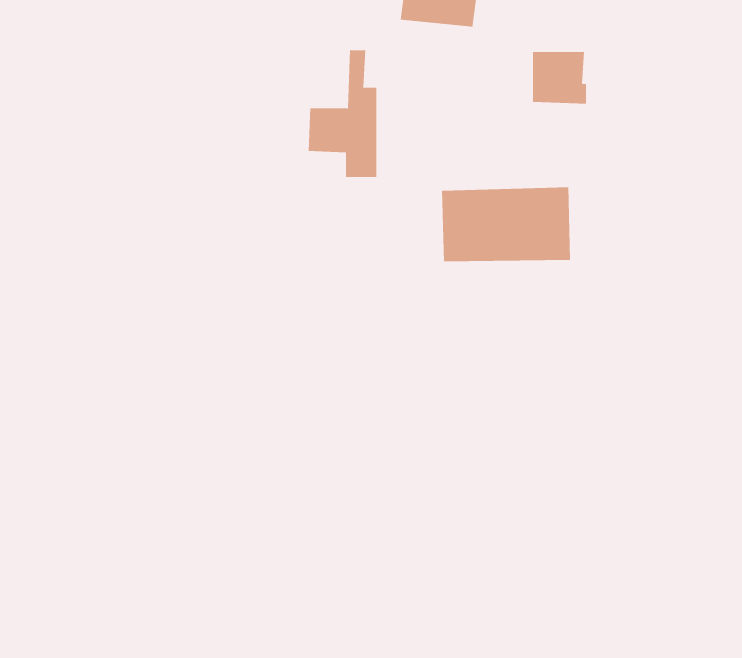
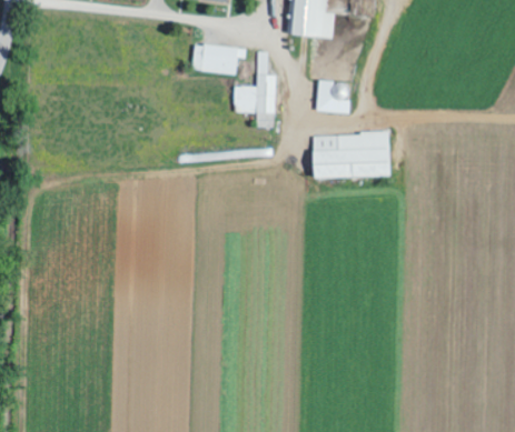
building: none -> [191,43,246,76]
building: [532,51,587,104] -> [317,82,349,113]

